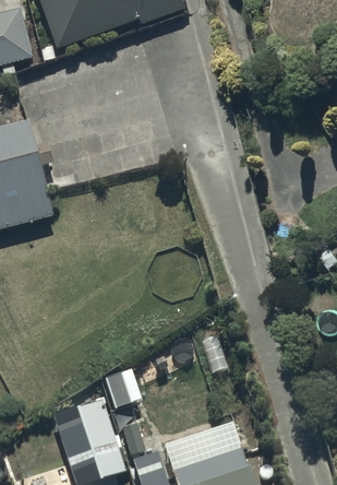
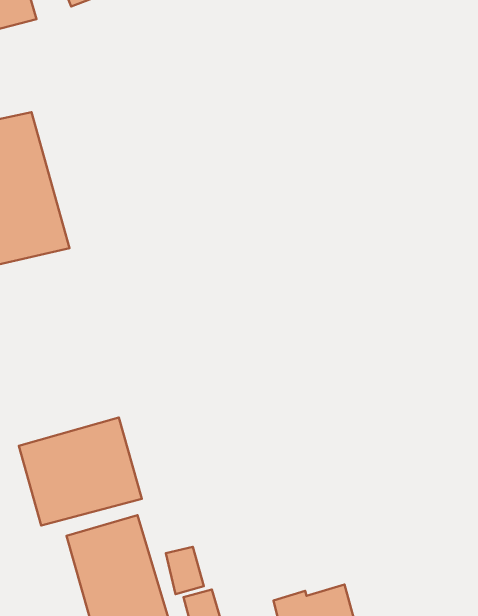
building: none -> [19,417,142,526]

